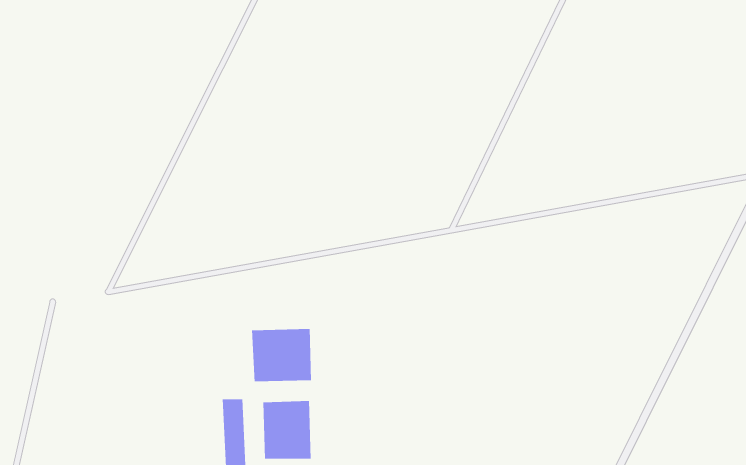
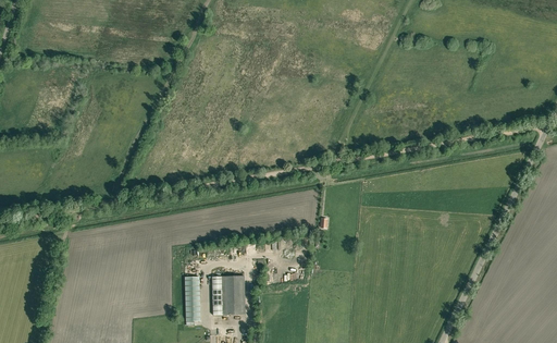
building: [251,328,311,382] -> none

